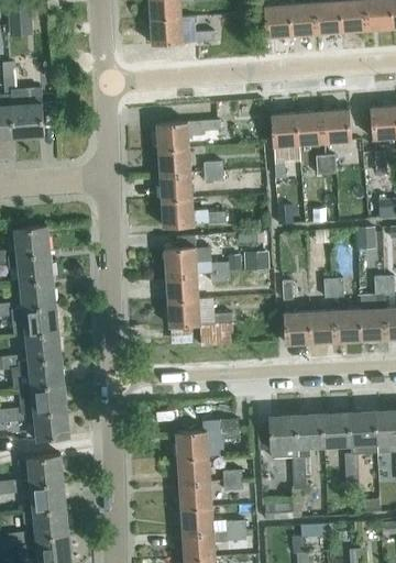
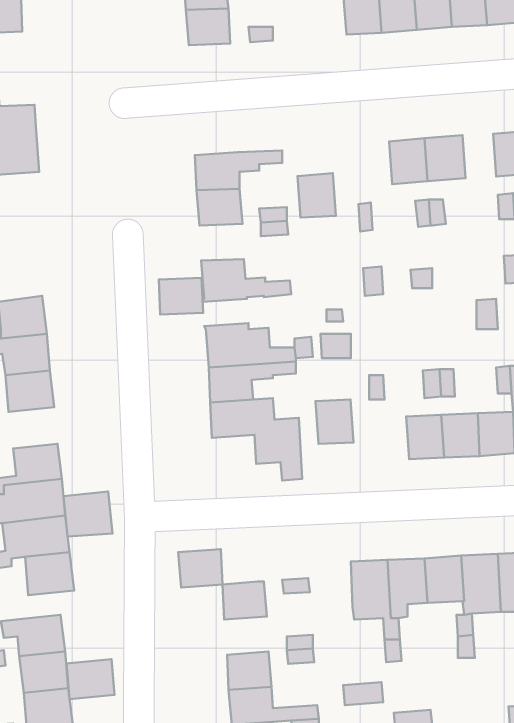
building: [271,113,298,145] -> [298,173,336,217]
building: [160,173,191,199] -> [159,278,203,314]
building: [22,305,57,334] -> none
building: [283,311,310,343] -> [315,400,354,444]
building: none -> [63,492,113,536]
building: [177,455,209,483] -> [178,549,223,587]
building: none -> [66,659,115,699]

